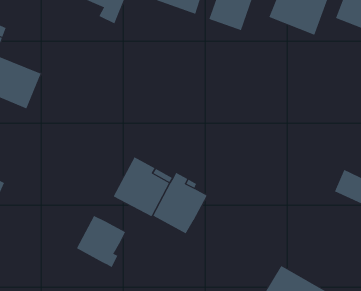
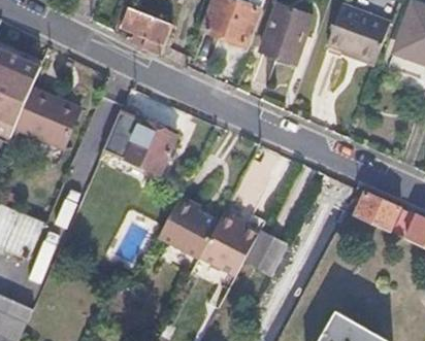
building: none -> [103,112,177,176]
building: none -> [355,193,401,232]
building: none -> [243,231,288,278]
building: [76,215,126,268] -> none

